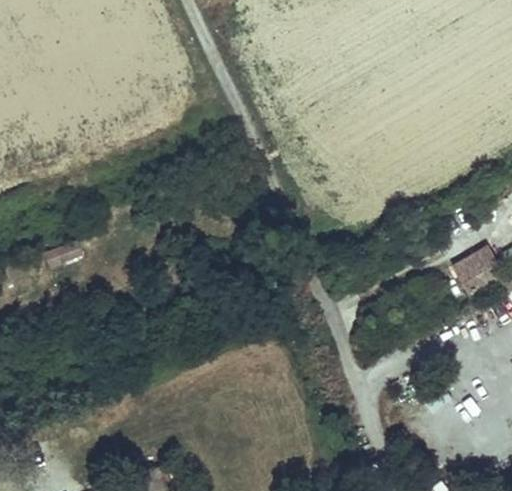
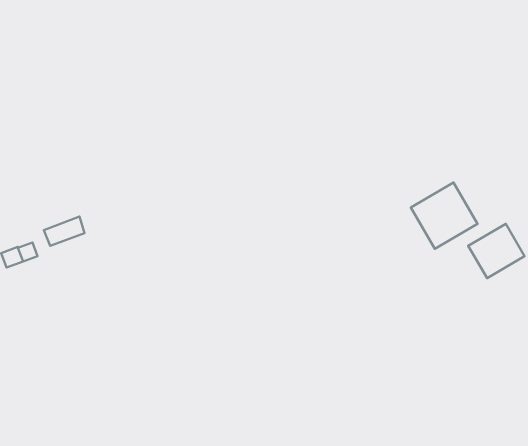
building: none -> [411,183,478,249]

